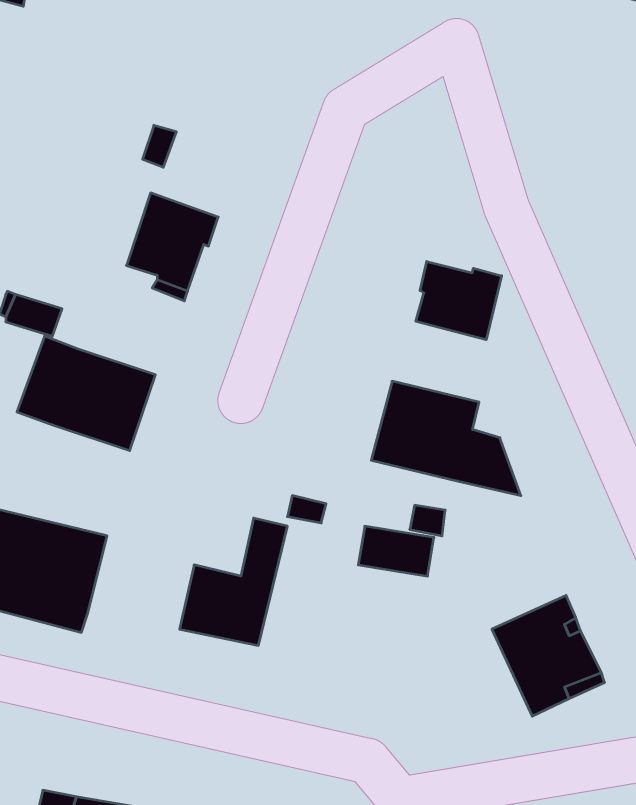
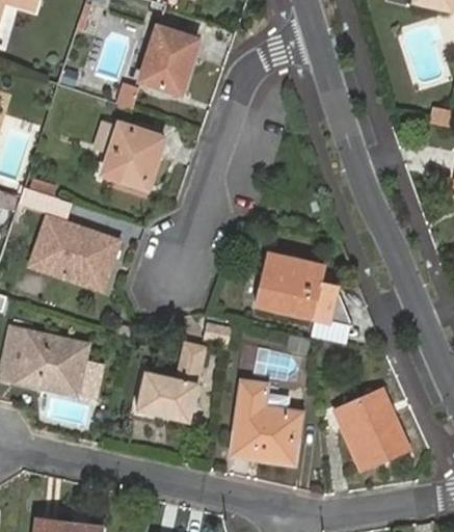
building: none -> [135,31,192,98]
building: [416,261,502,340] -> none
building: none -> [234,383,300,462]

